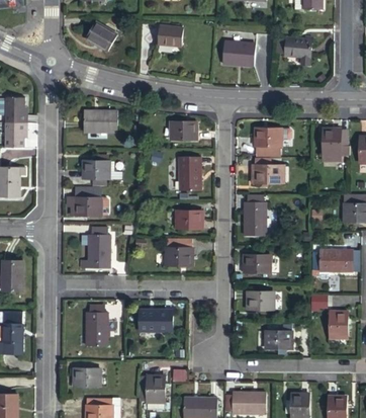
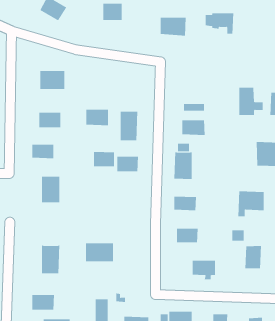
building: [168,121,195,141] -> [85,109,109,126]
building: [252,128,279,147] -> none
building: [165,246,190,264] -> [93,151,115,167]

